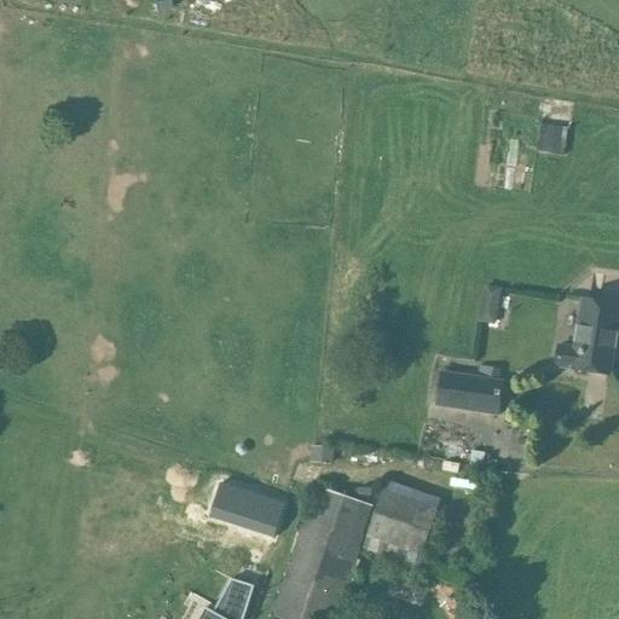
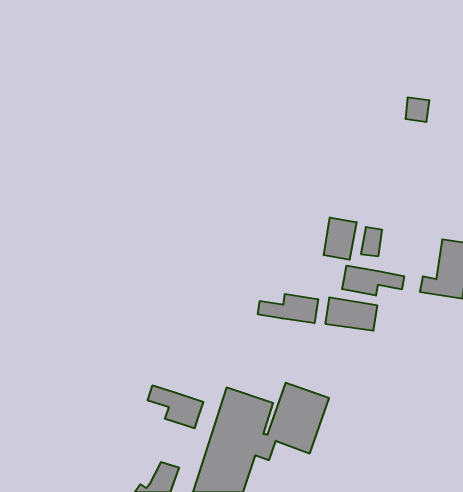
building: none -> [324,217,357,260]
building: none -> [342,266,404,296]
building: none -> [258,294,318,323]

